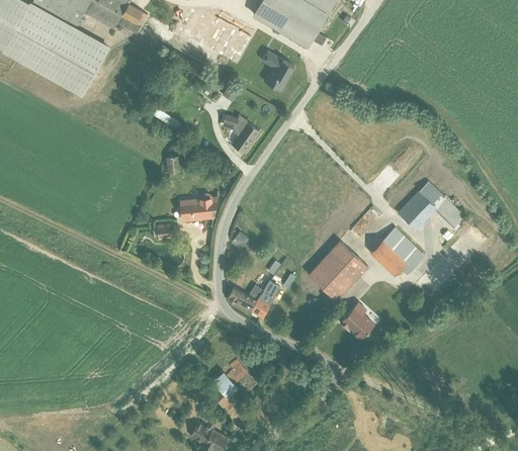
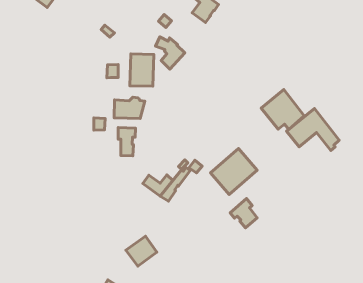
building: none -> [130,54,154,86]
building: [369,227,424,276] -> [261,90,304,129]
building: none -> [118,127,135,156]

